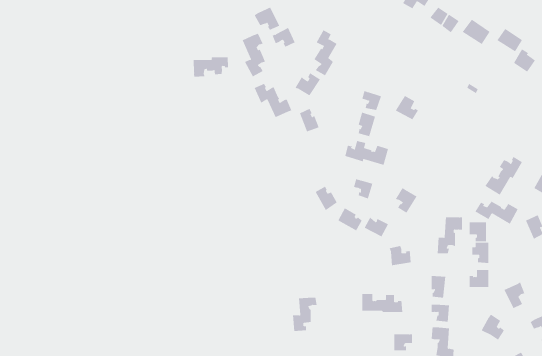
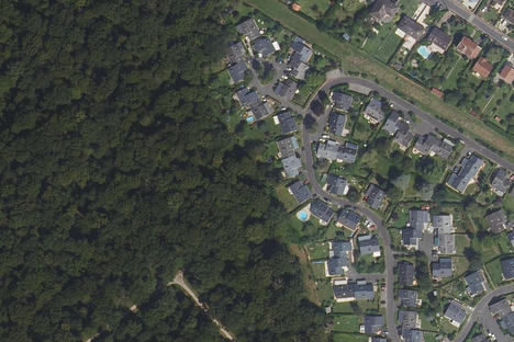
building: [193,56,229,77] -> none
building: none -> [384,112,413,148]
building: none -> [279,137,302,179]
building: [474,201,519,225] -> [414,136,455,158]
building: [292,297,317,332] -> [326,241,349,273]

